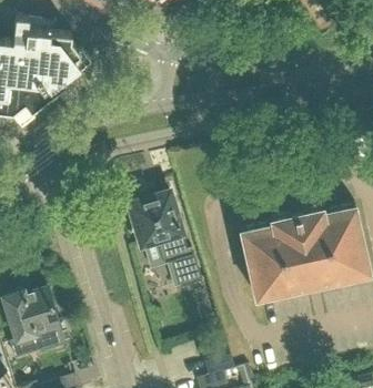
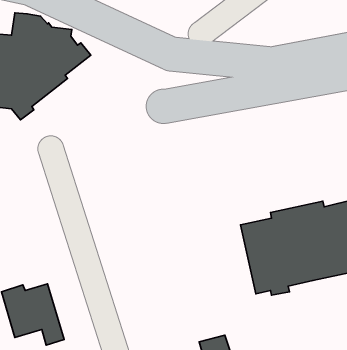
building: [129,192,200,287] -> none

